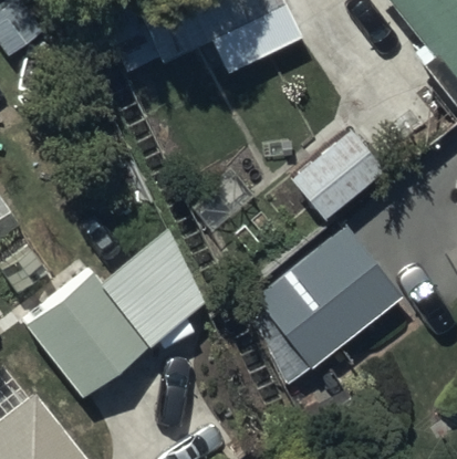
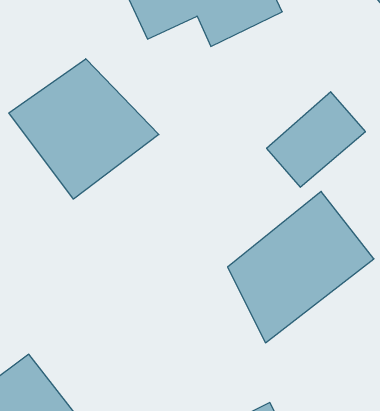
building: none -> [9,59,159,199]
building: [27,261,198,397] -> none

